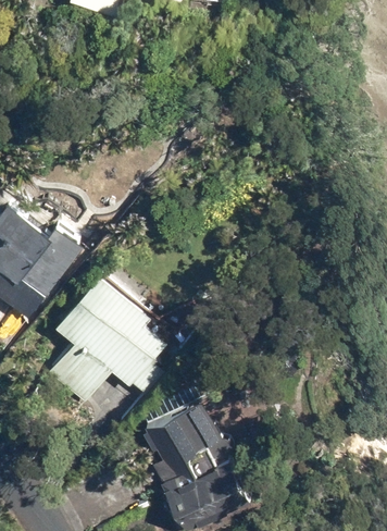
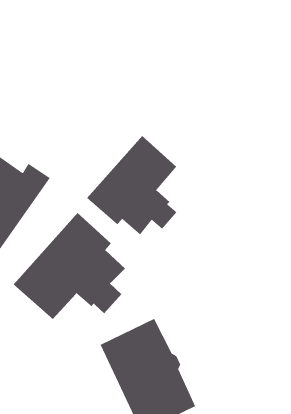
building: none -> [86,135,178,235]

